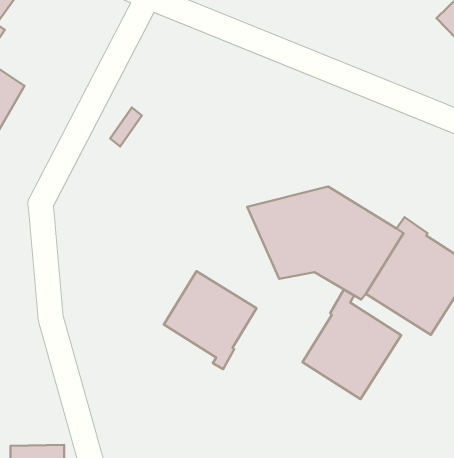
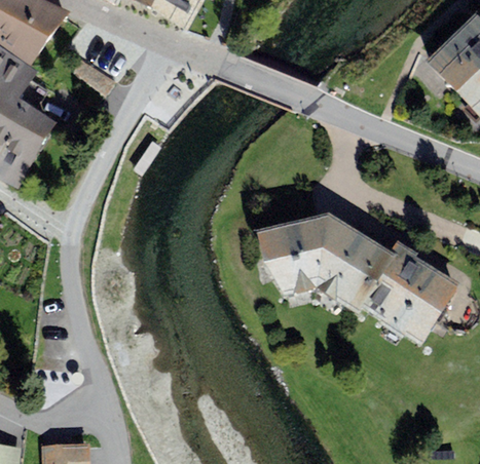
building: [164,271,257,369] -> none
building: [302,290,401,399] -> none

